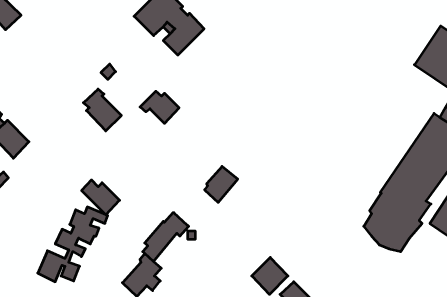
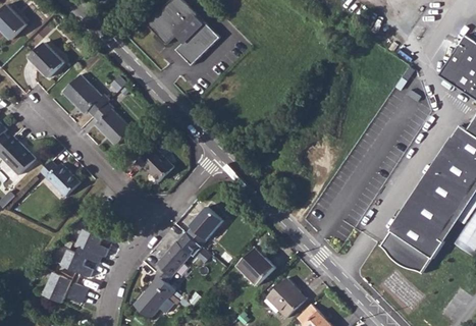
building: none -> [28,42,63,77]
building: none -> [62,74,108,116]
building: [140,91,179,123] -> [131,149,172,182]
building: [205,166,238,202] -> [186,207,220,244]
building: [82,180,120,215] -> [39,158,78,195]
building: none -> [239,248,274,284]

